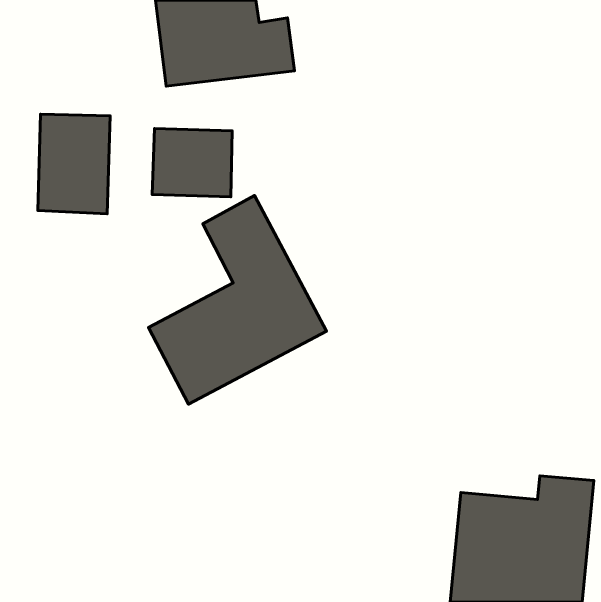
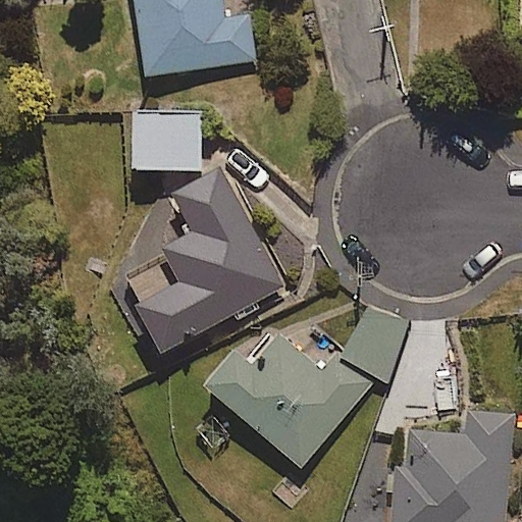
building: [38,114,110,214] -> none
building: none -> [217,330,370,466]

